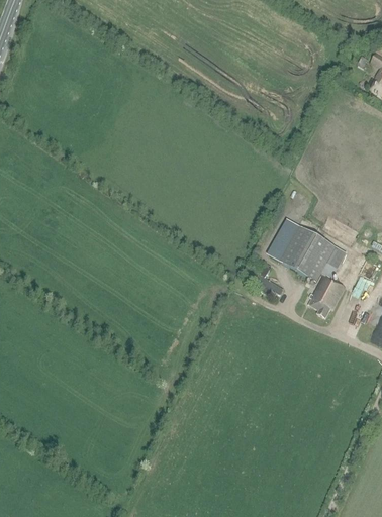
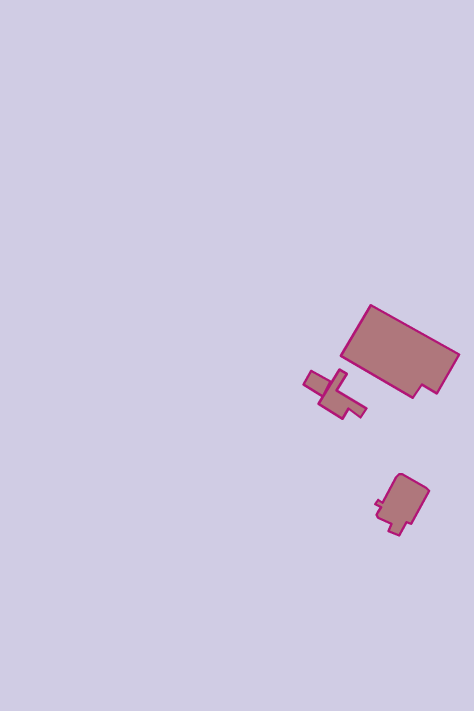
building: [308,276,345,317] -> [375,474,429,536]

